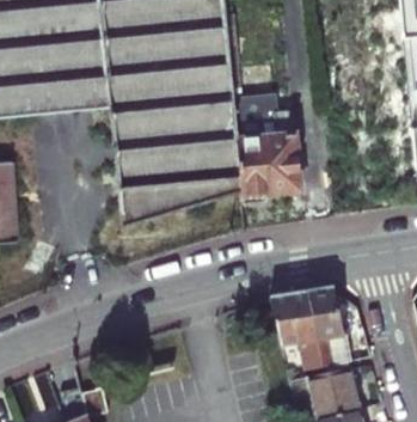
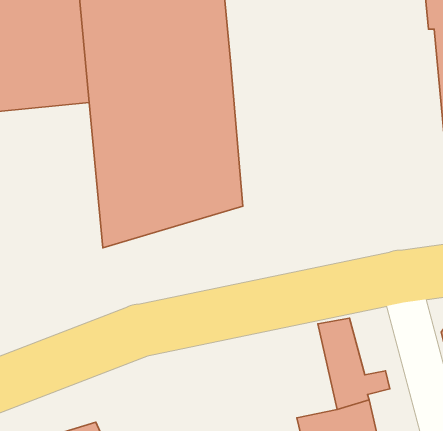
building: [228,62,301,200] -> none
building: [268,289,320,371] -> none

